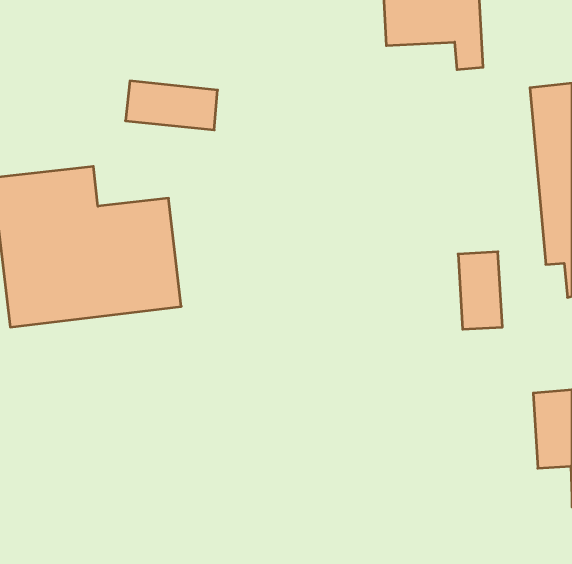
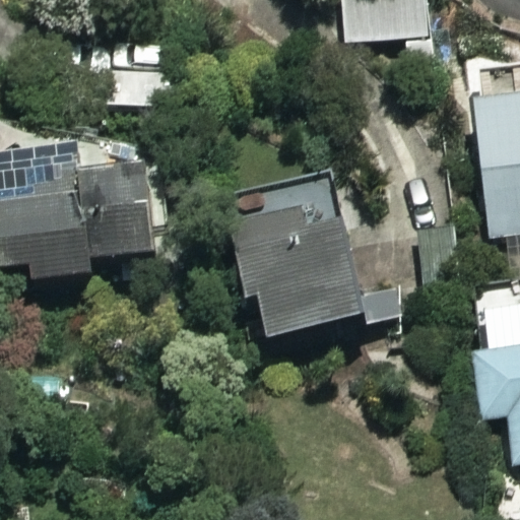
building: none -> [191,202,377,355]

